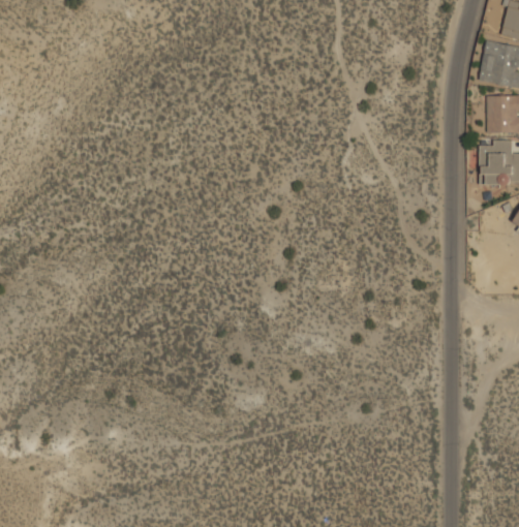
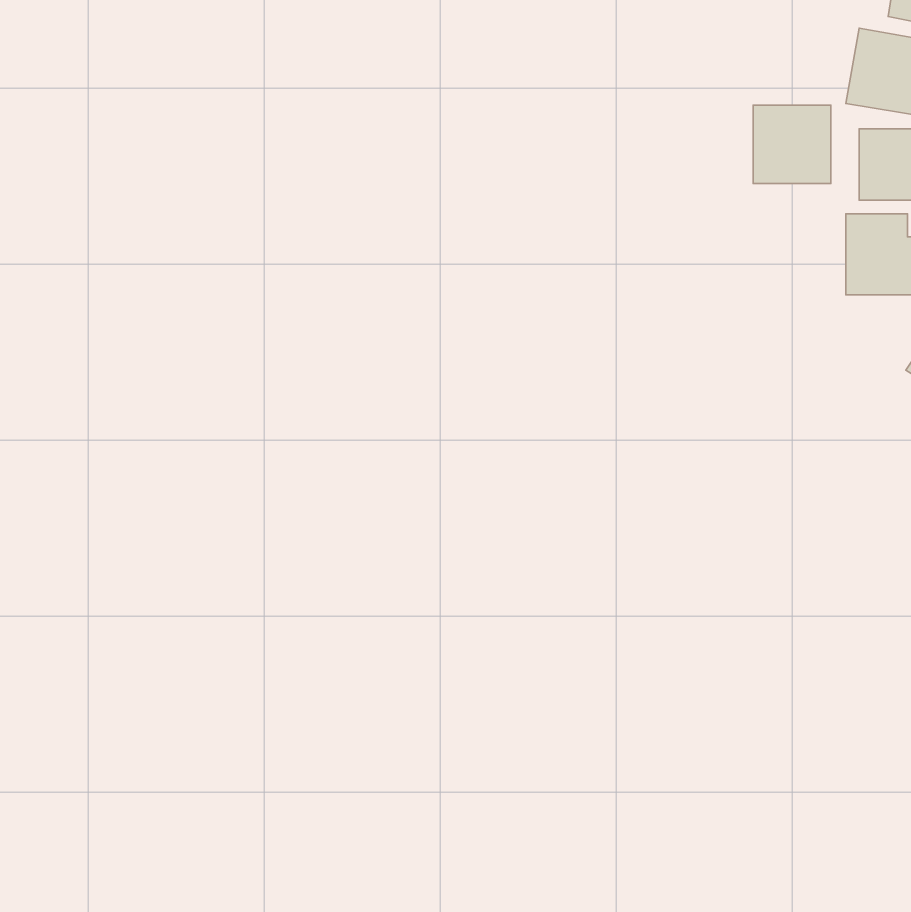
building: none -> [753,105,831,184]

